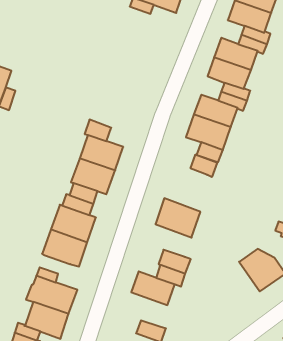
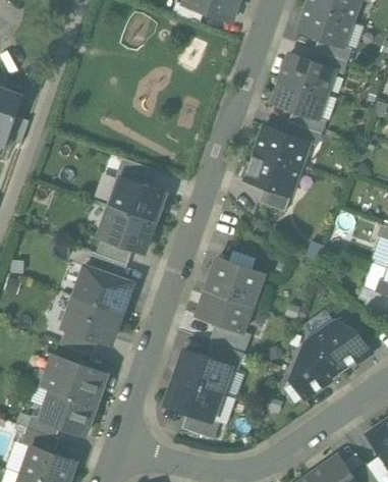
building: [191,155,217,177] -> none
building: none -> [196,290,251,332]
building: none -> [58,330,97,357]
building: none -> [289,338,337,399]
building: none -> [164,377,220,421]

